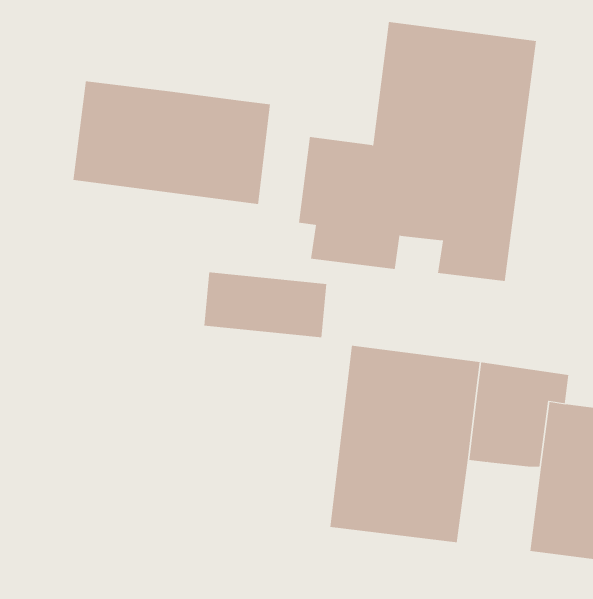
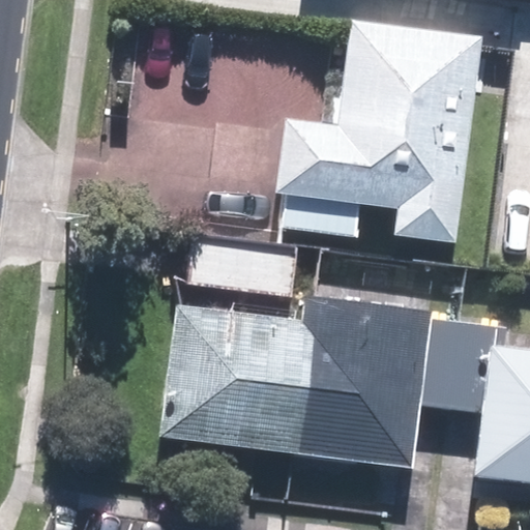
building: [73,80,271,205] -> none
building: none -> [158,296,320,455]

